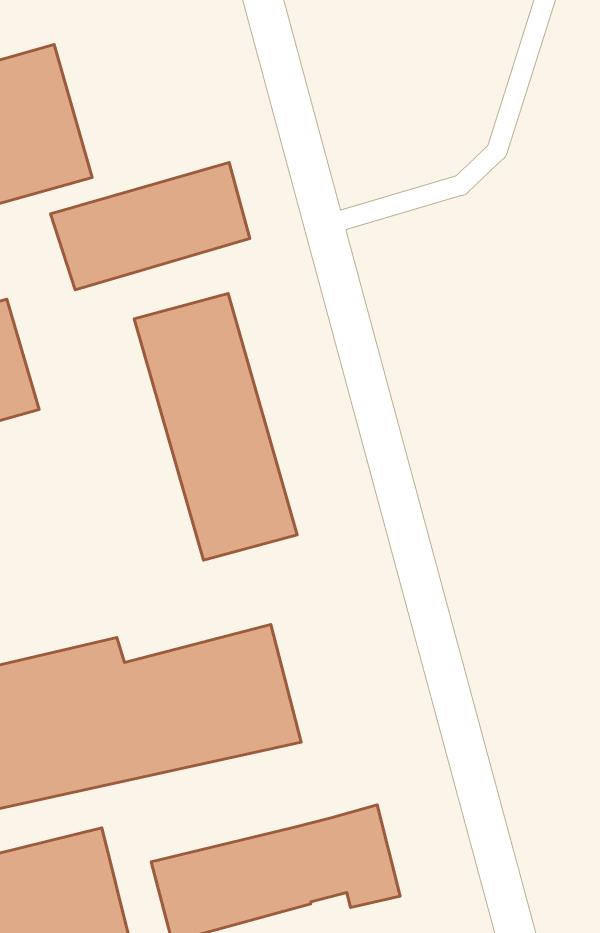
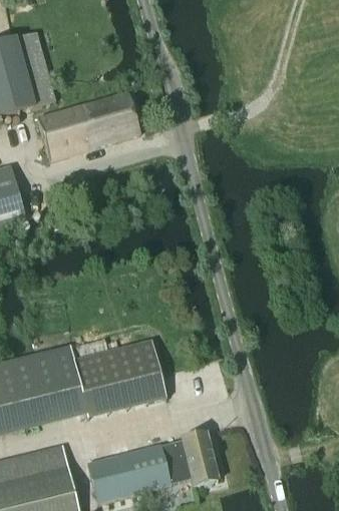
building: [134,293,297,560] -> none

